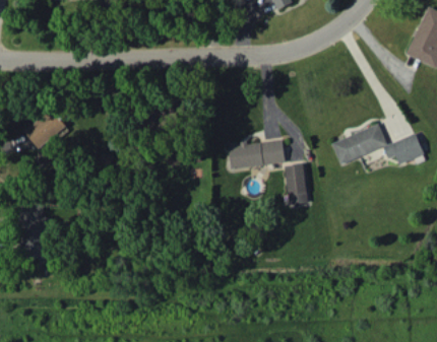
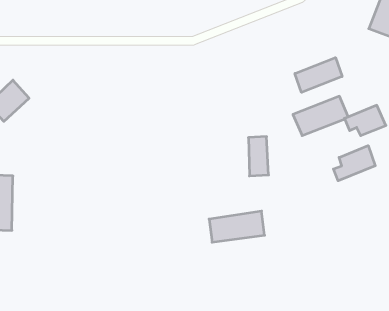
building: none -> [295,58,342,92]
building: [228,139,284,170] -> [209,211,265,242]
building: none -> [333,146,375,181]

